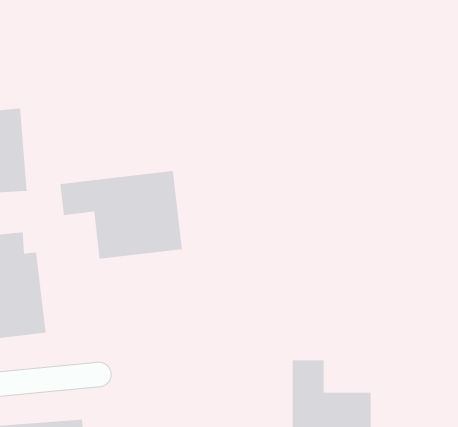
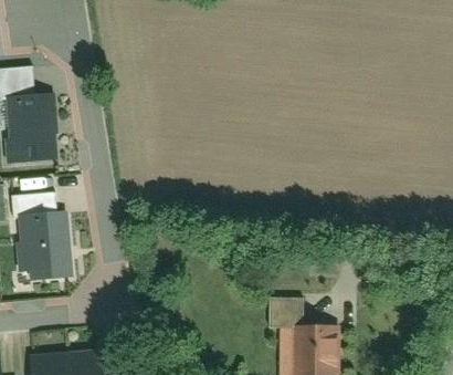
building: [60,170,182,260] -> none

